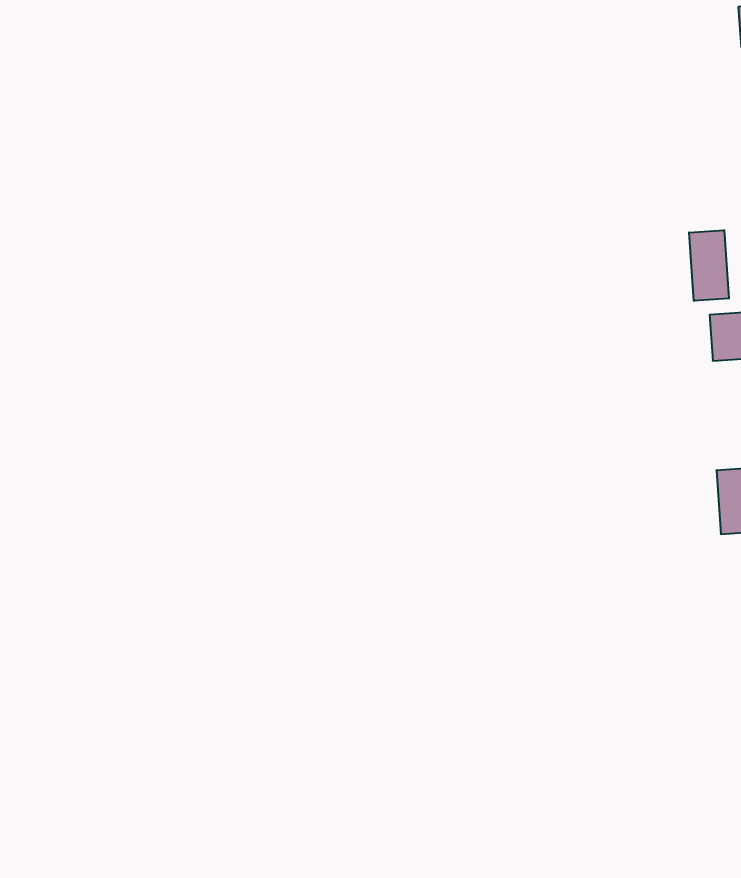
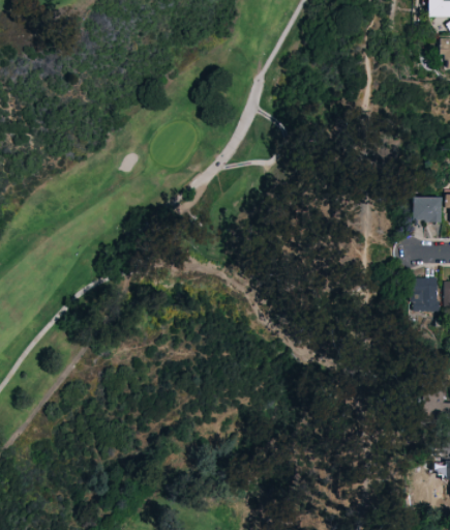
building: [689,230,729,301] -> none

